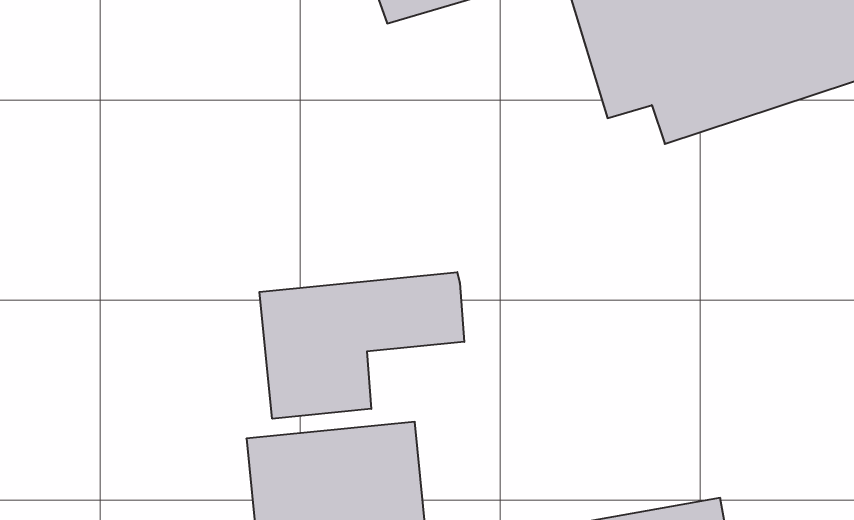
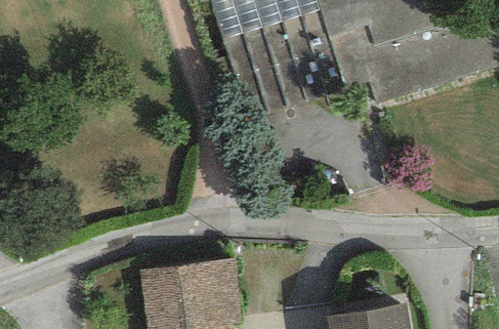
building: [259,272,464,419] -> none

